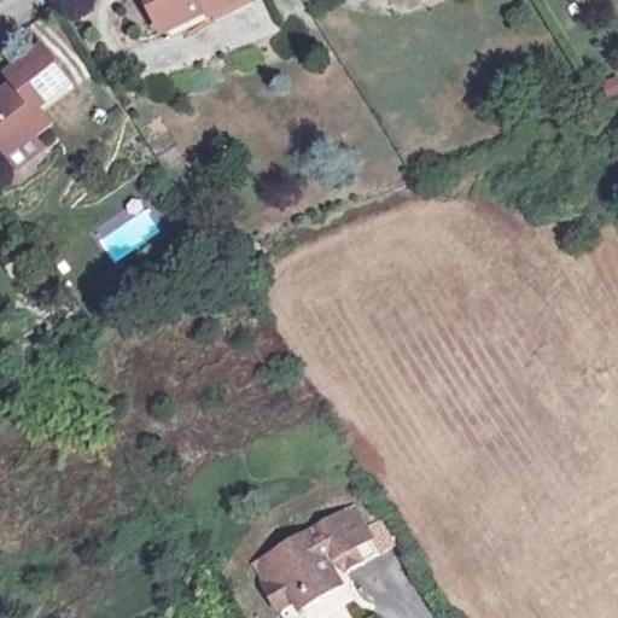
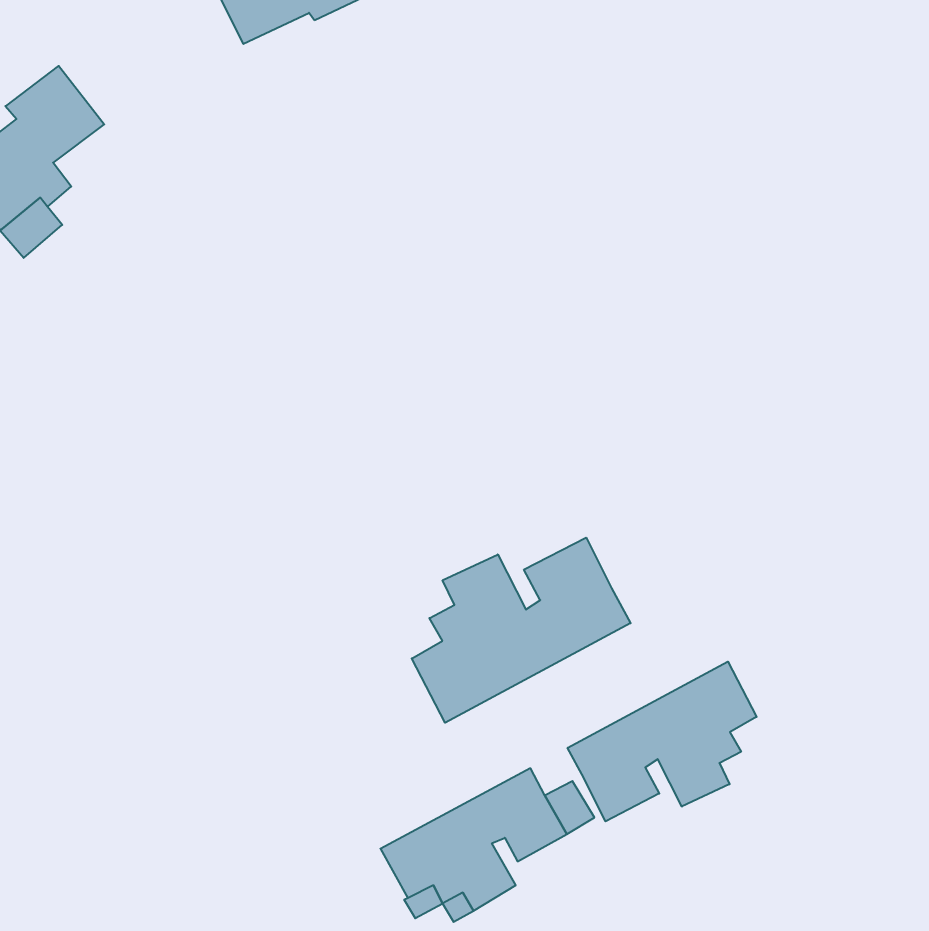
building: none -> [412,538,631,723]
building: none -> [568,662,757,821]

